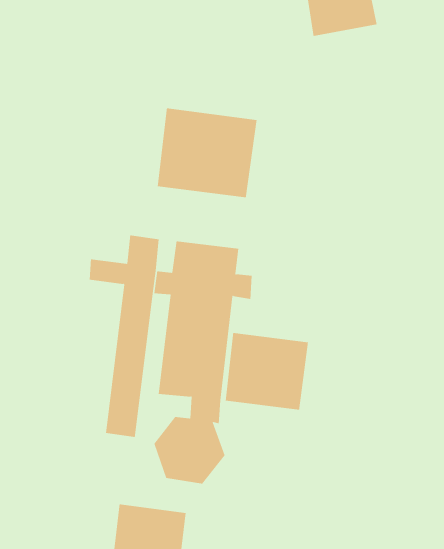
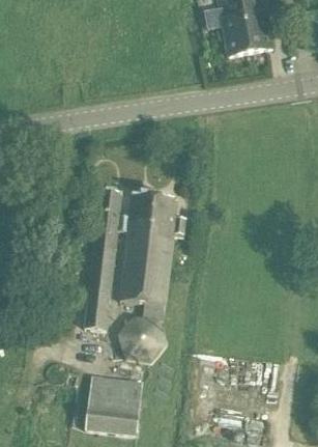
building: [157,108,257,198] -> none
building: [225,332,308,410] -> none

